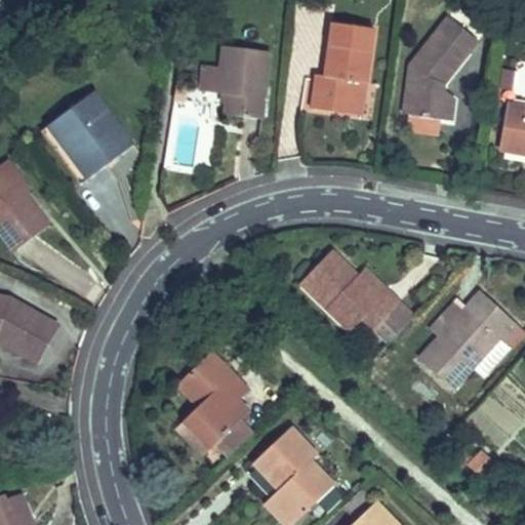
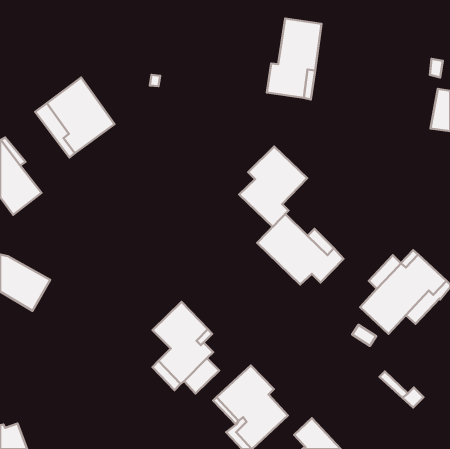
building: [403,15,479,120] -> none
building: [200,45,270,118] -> none
building: none -> [239,146,307,227]
building: [373,301,415,344] -> none

